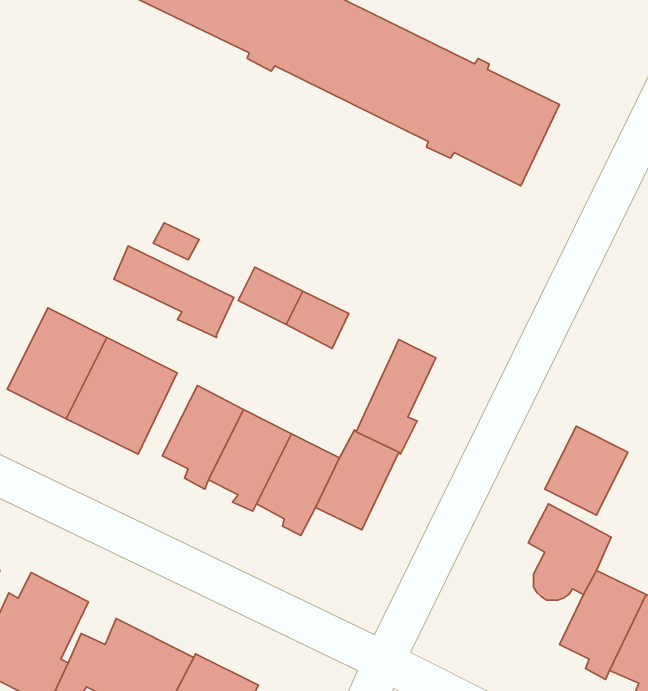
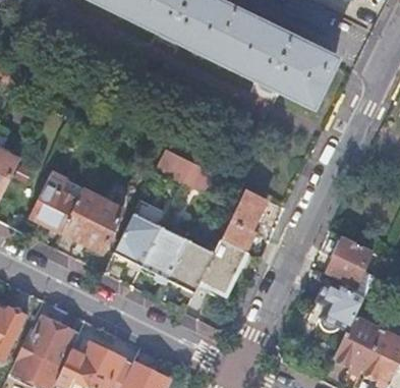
building: [114,246,234,337] -> none

